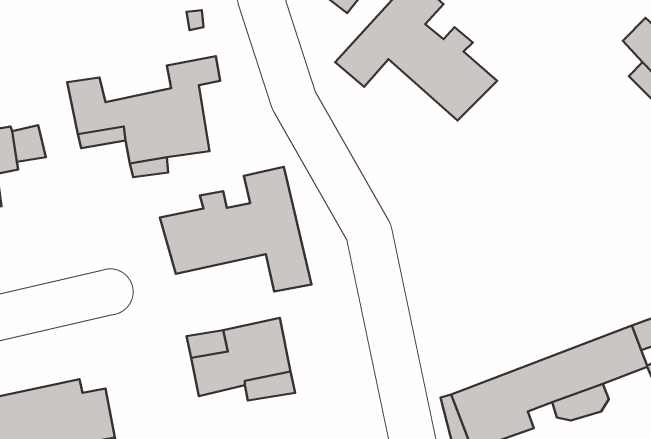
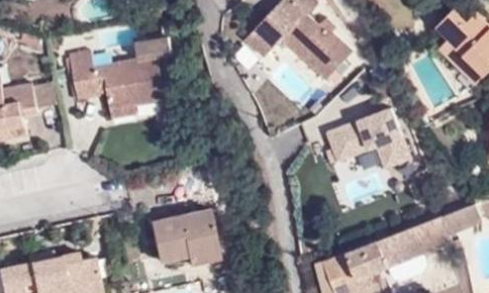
building: none -> [325,107,408,180]
building: [160,167,311,292] -> none

